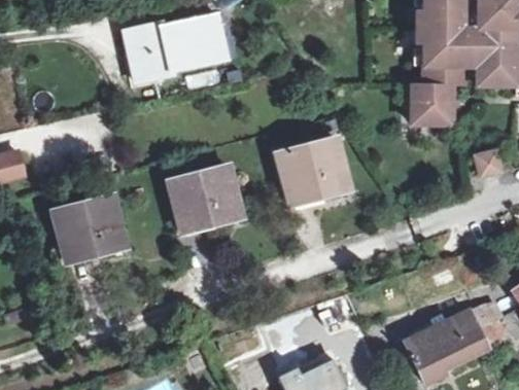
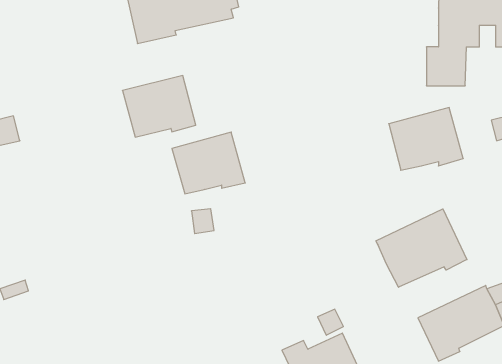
building: [278,139,349,199] -> [389,108,463,170]
building: [56,198,126,256] -> [122,76,196,137]
building: none -> [376,209,467,287]

